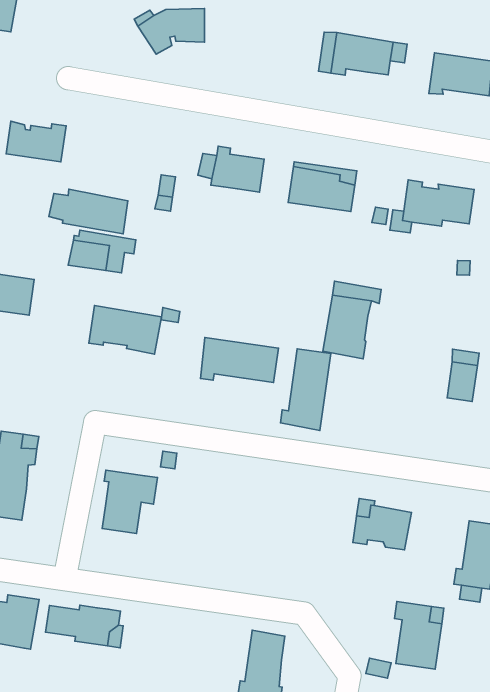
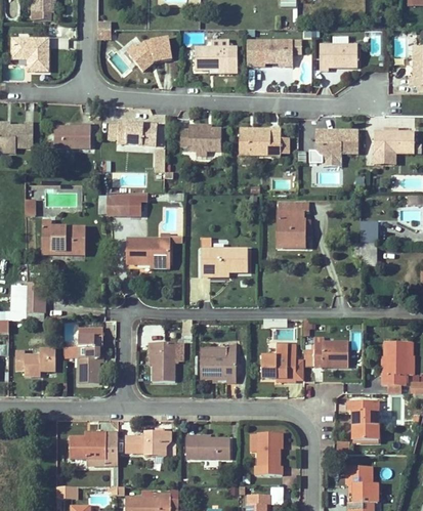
building: none -> [196,41,229,74]
building: [49,189,128,234] -> [109,122,158,145]
building: [280,349,331,430] -> none
building: none -> [200,344,236,382]
building: none -> [261,344,296,382]
building: none -> [185,435,230,458]

